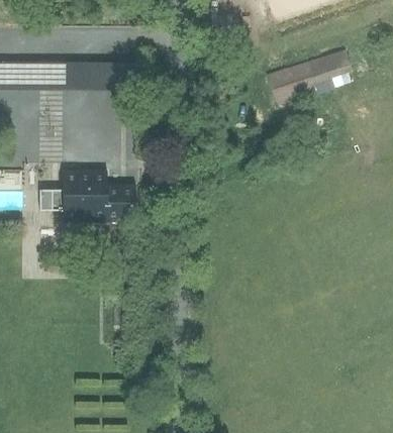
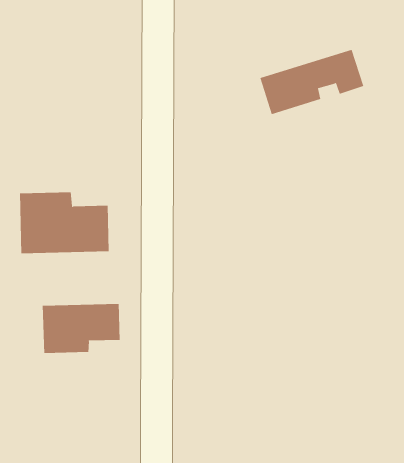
building: none -> [42,303,120,354]

